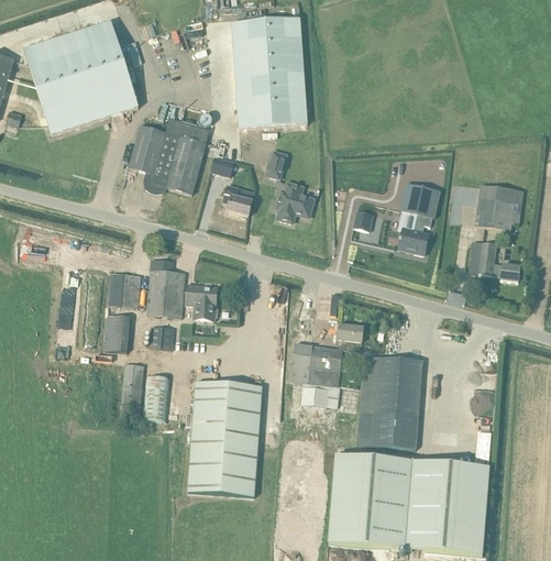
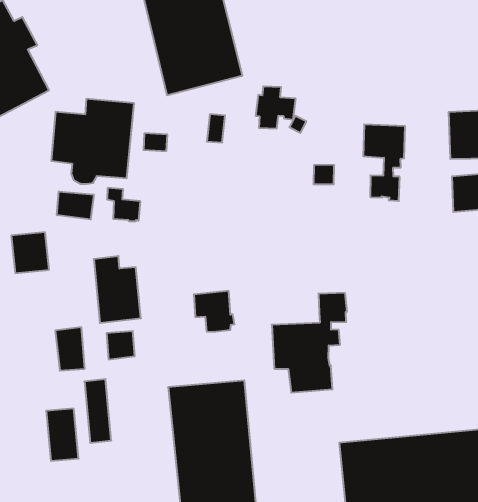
building: [276,183,313,221] -> [256,86,296,129]
building: [224,184,253,217] -> [107,188,140,221]
building: none -> [57,191,94,220]
building: [109,272,141,307] -> [11,232,49,273]
building: [185,284,218,320] -> [194,291,235,332]
building: [356,355,422,449] -> none
building: [143,374,170,420] -> [46,409,79,461]

